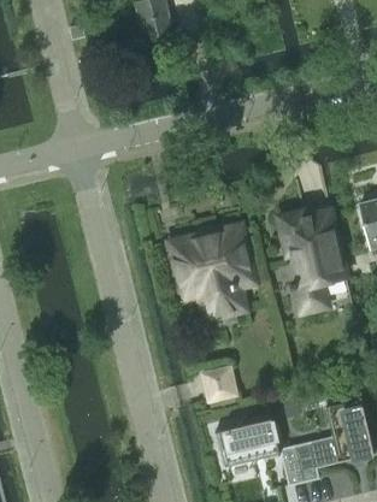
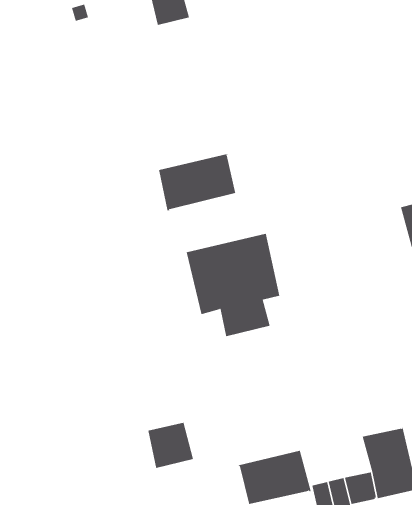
building: none -> [158,153,236,211]
building: [279,211,346,311] -> none
building: [199,364,240,404] -> [147,422,194,469]

